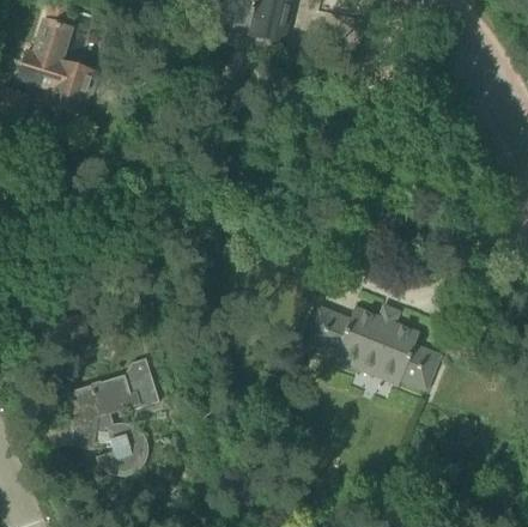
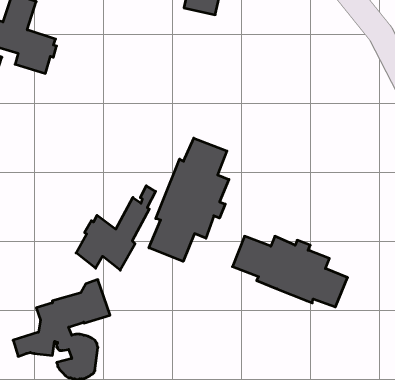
building: none -> [149,138,229,261]
building: none -> [76,186,156,270]

